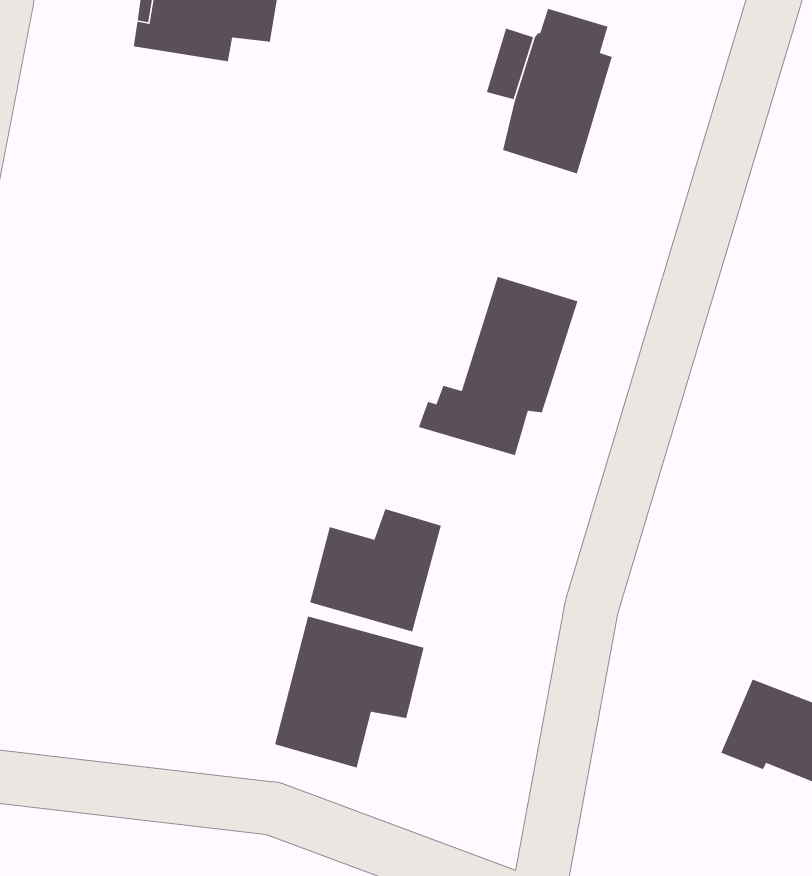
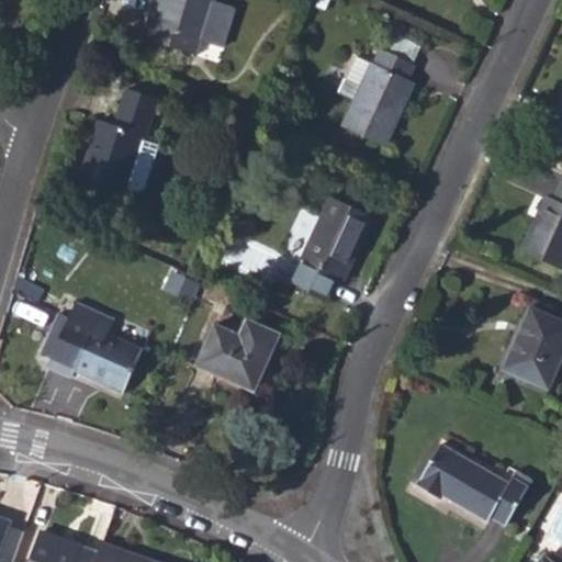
building: none -> [82,88,159,189]
building: none -> [42,302,143,392]
building: [274,615,424,769] -> none

